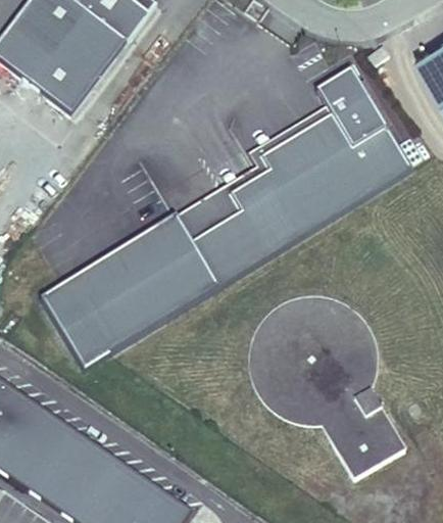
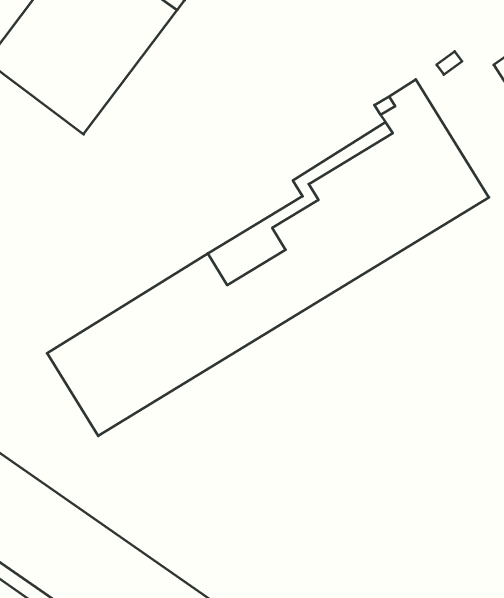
building: [249,296,405,477] -> none

